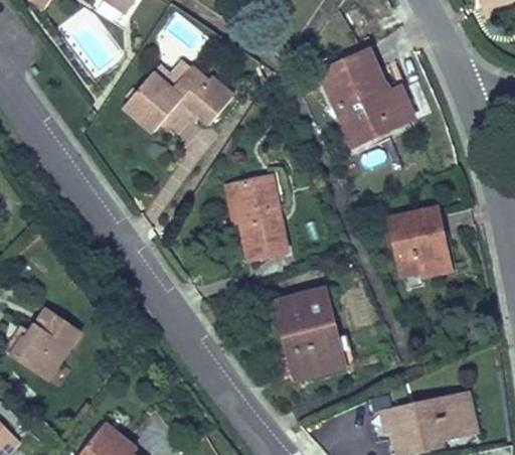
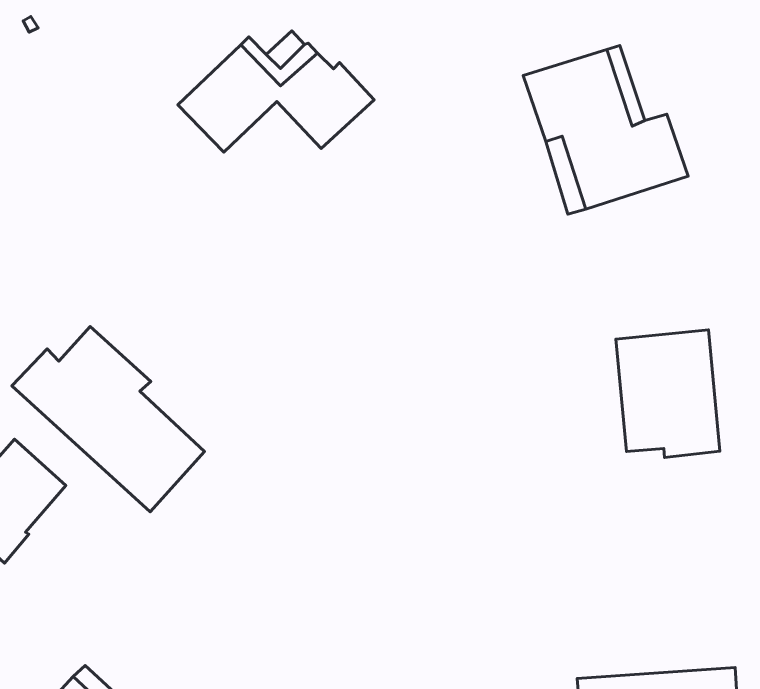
building: [222,173,289,261] -> none
building: none -> [12,326,205,512]
building: [271,284,346,383] -> none

